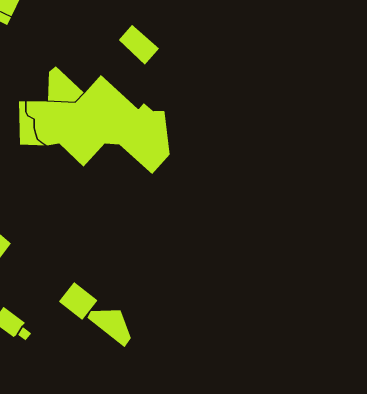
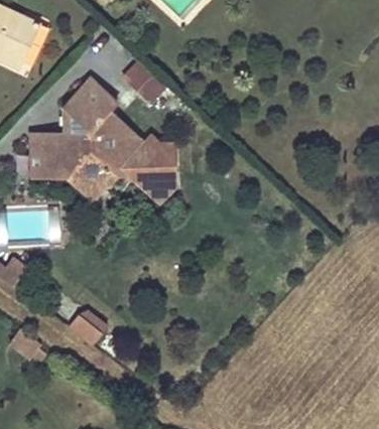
building: none -> [68,80,116,130]
building: [86,310,131,348] -> none

